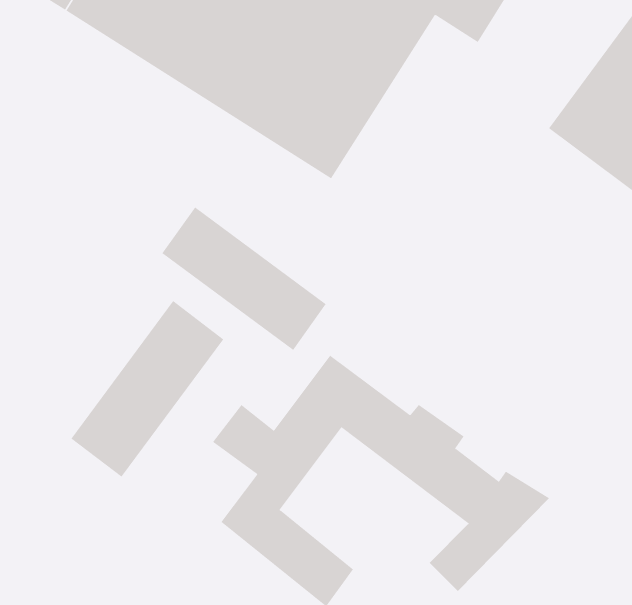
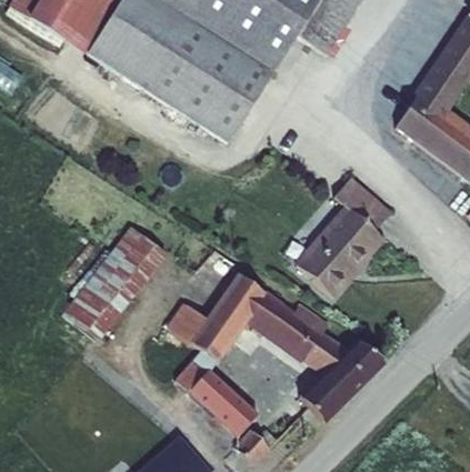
building: [162,206,327,351] -> none
building: none -> [303,182,396,299]

